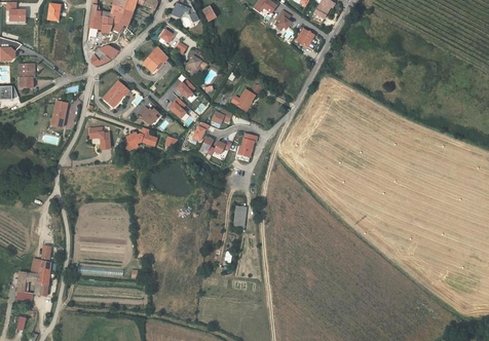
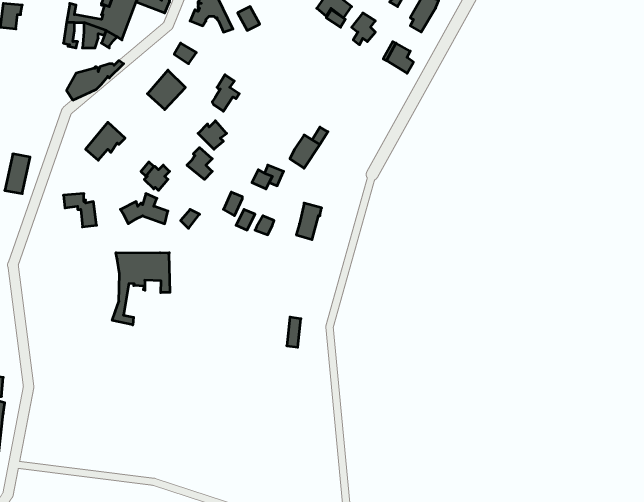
building: none -> [112,253,170,325]

